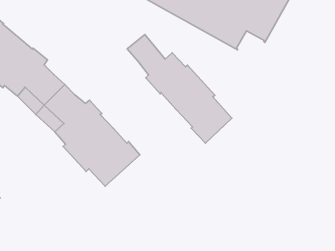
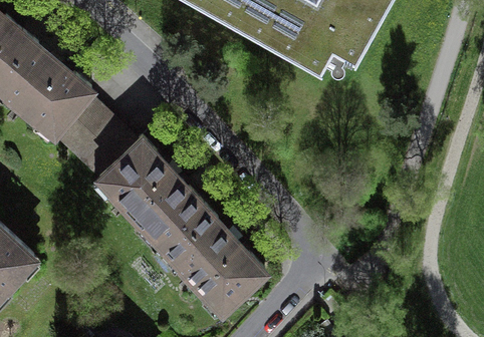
building: [127,34,232,143] -> none
building: none -> [162,204,265,308]

